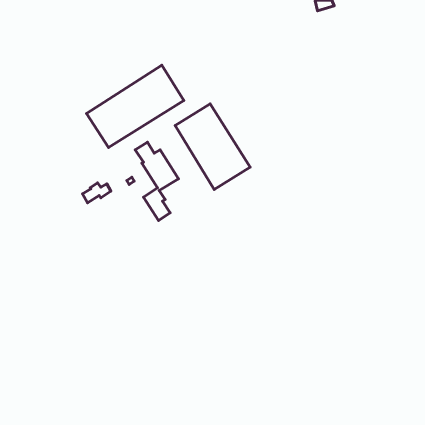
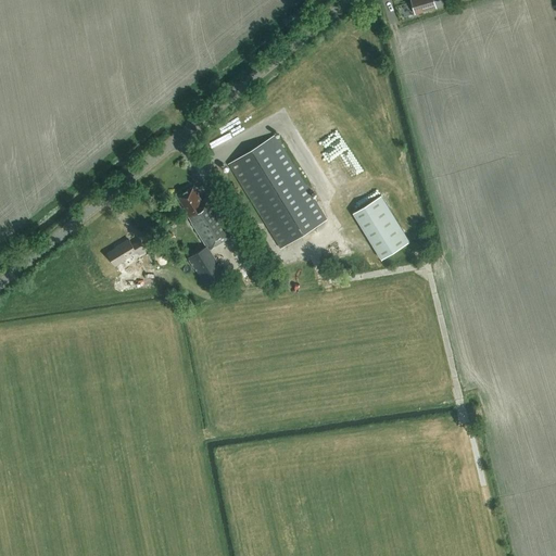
building: [87,65,184,148] -> none
building: none -> [352,195,408,258]

